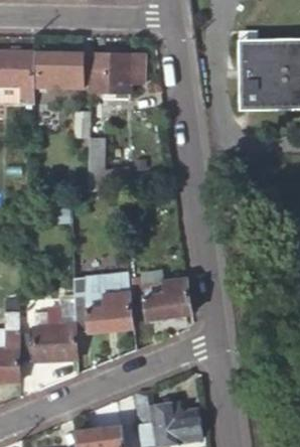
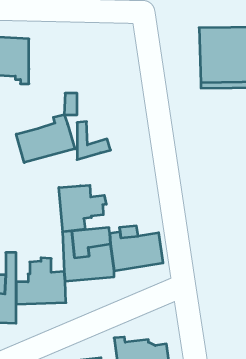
building: [36,51,84,88] -> none
building: [93,52,144,94] -> none
building: none -> [16,114,75,163]
building: none -> [59,185,106,232]

